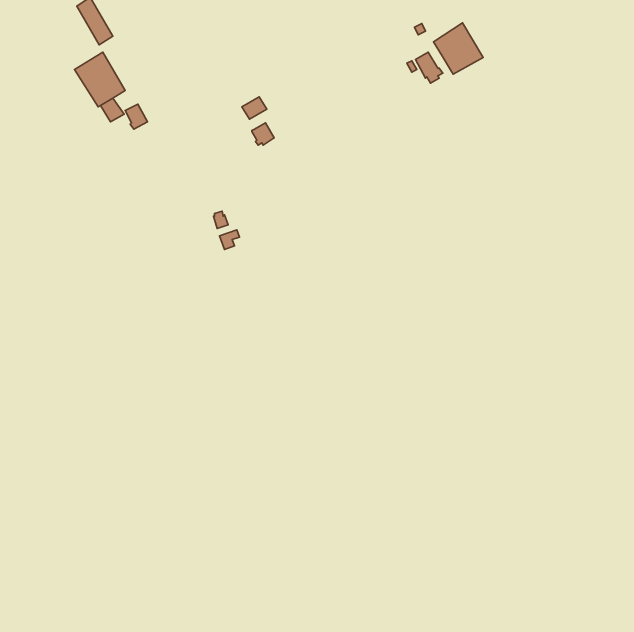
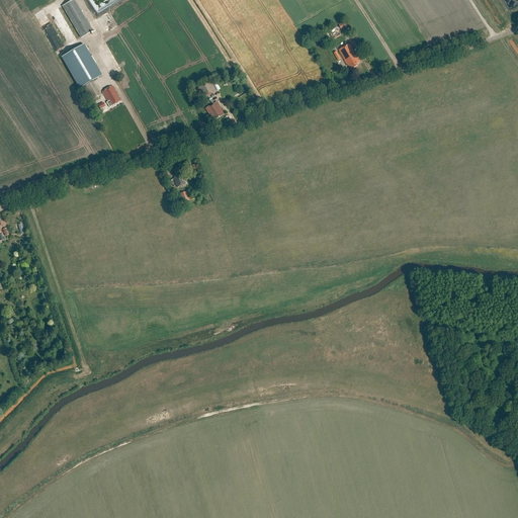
building: [433,23,483,74] -> none

